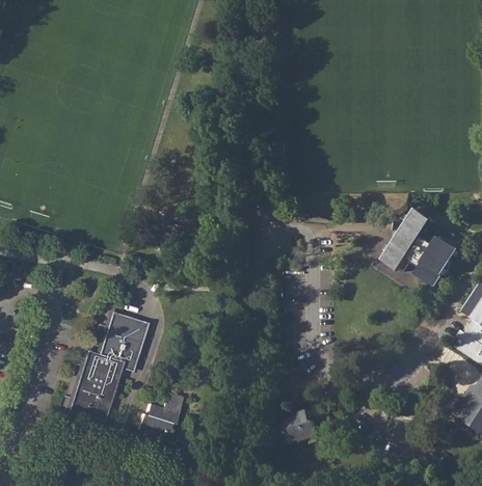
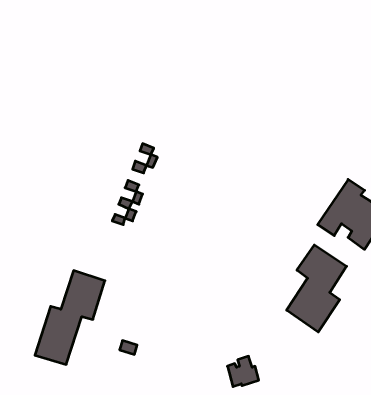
building: none -> [287,245,347,332]
building: [136,403,177,440] -> none

